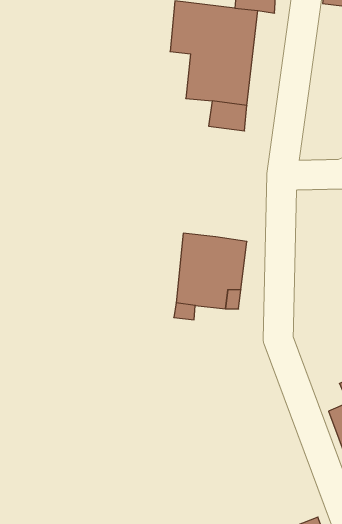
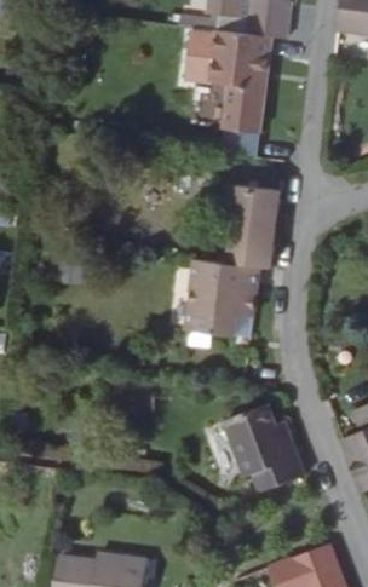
building: none -> [226,185,280,269]
building: none -> [225,402,303,493]

